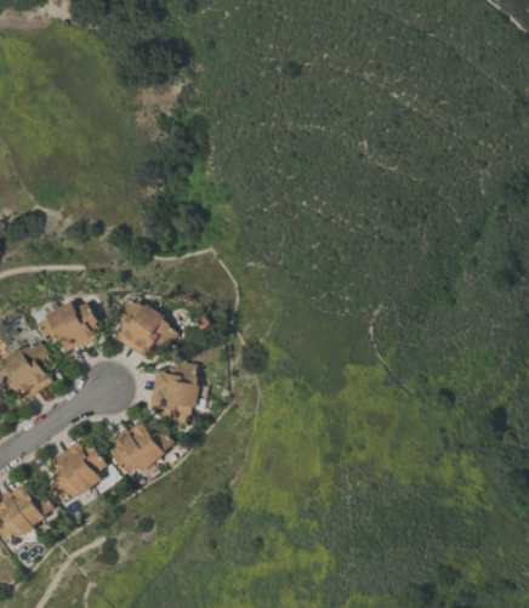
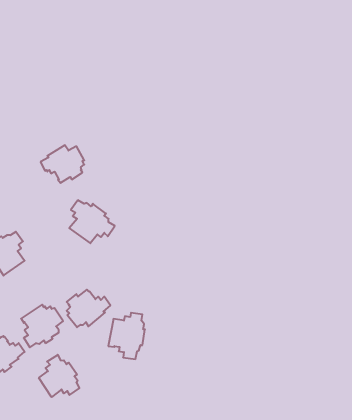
building: [39,300,99,352] -> [41,145,84,183]
building: [148,362,199,426] -> [108,313,145,359]
building: none -> [39,355,79,397]

